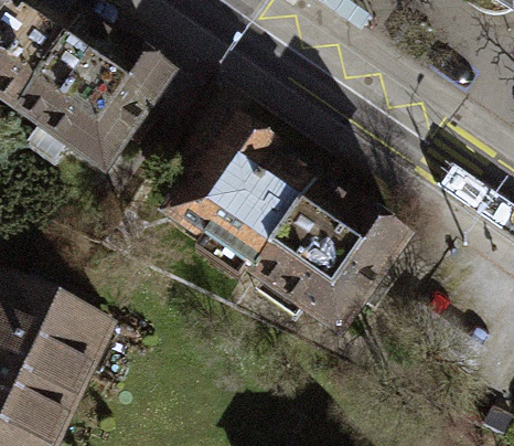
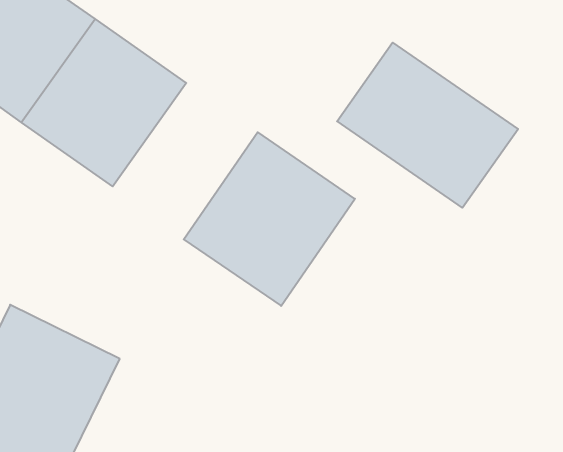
building: none -> [337,43,518,208]
building: [256,181,407,336] -> none

